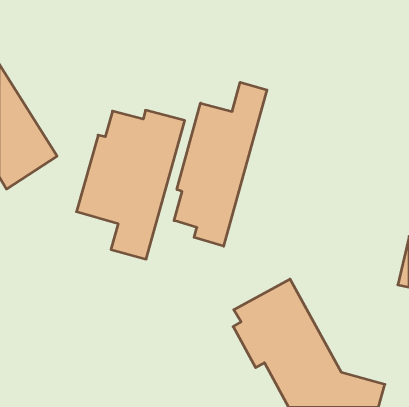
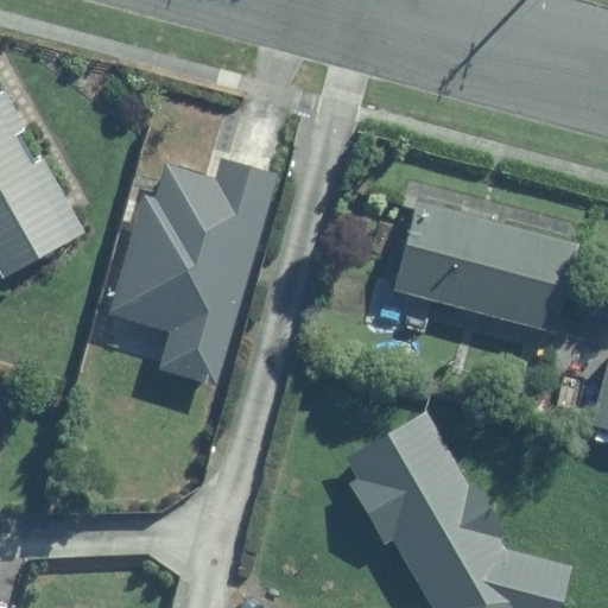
building: [174,82,267,246] -> none
building: none -> [394,195,575,334]

